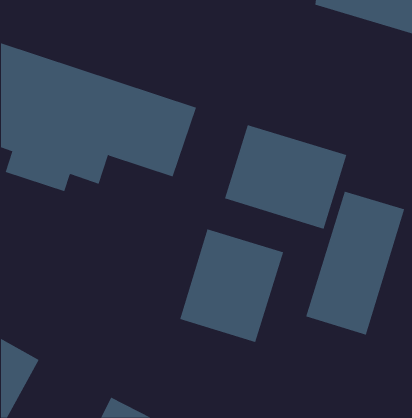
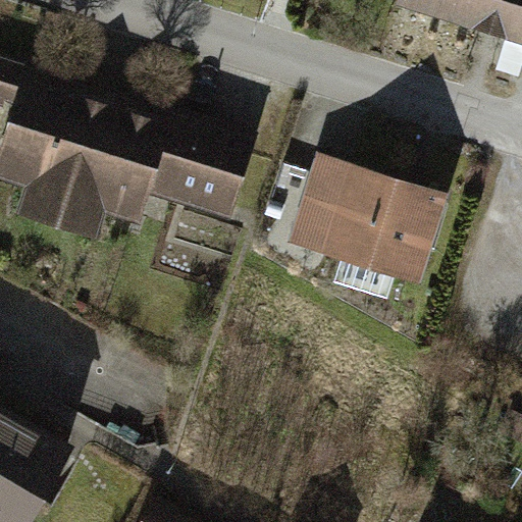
building: [305,191,405,335] -> none
building: [180,228,284,343] -> none

